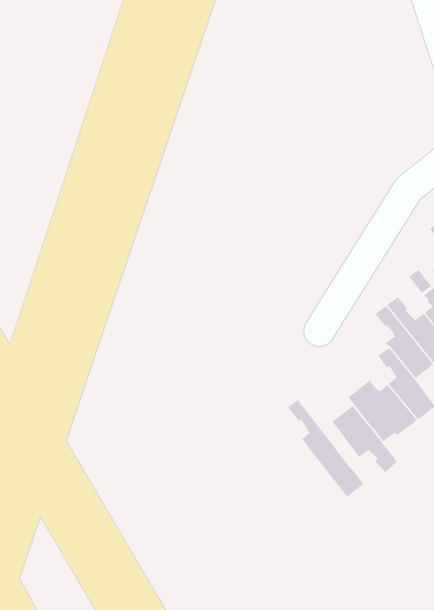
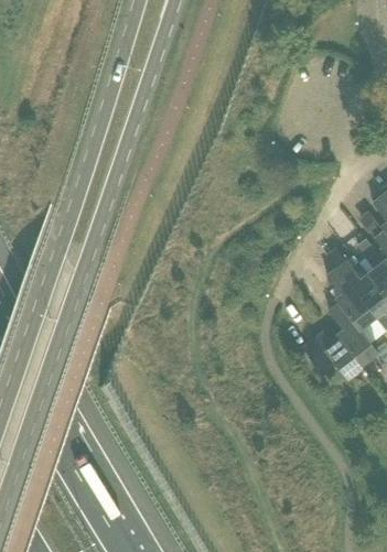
building: [288,399,364,498] -> none
building: [332,405,398,473] -> none

